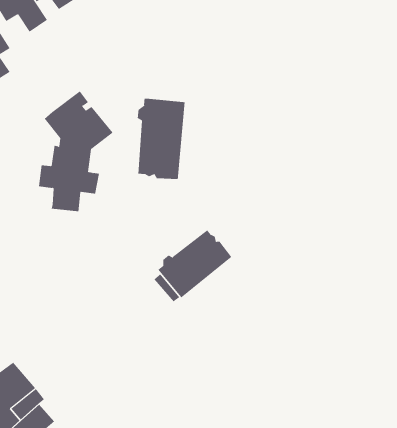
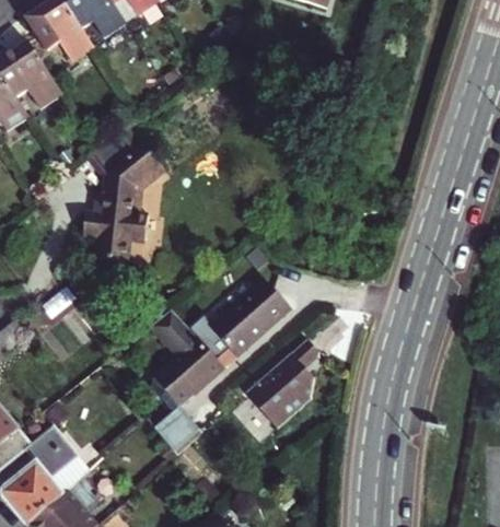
building: [137,98,185,180] -> none
building: none -> [148,309,225,454]
building: none -> [254,333,326,420]

